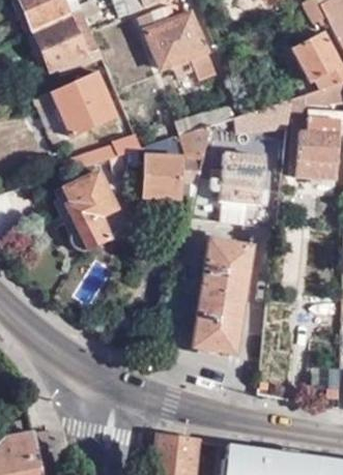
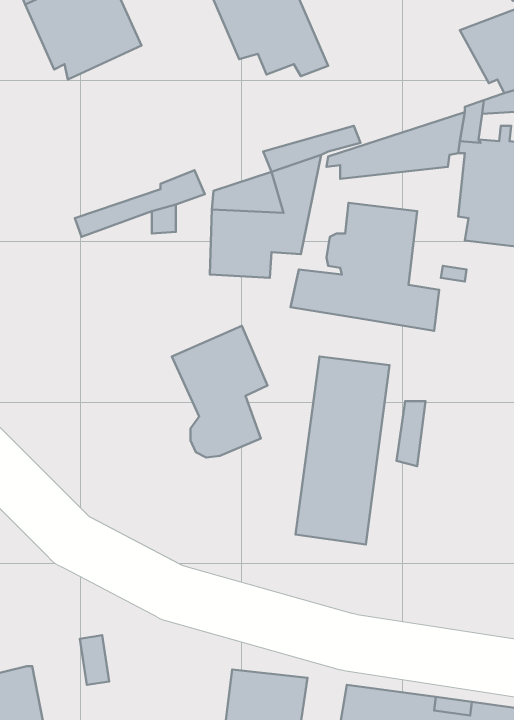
building: [52,70,115,135] -> none
building: [52,172,110,251] -> [172,326,268,457]

